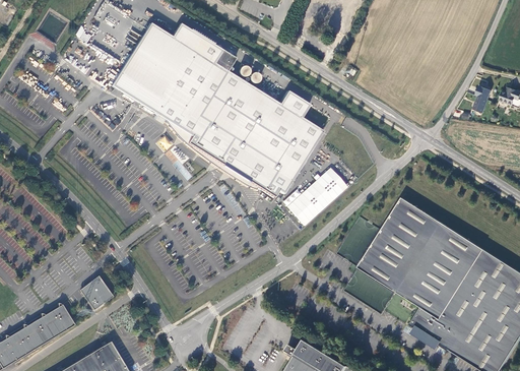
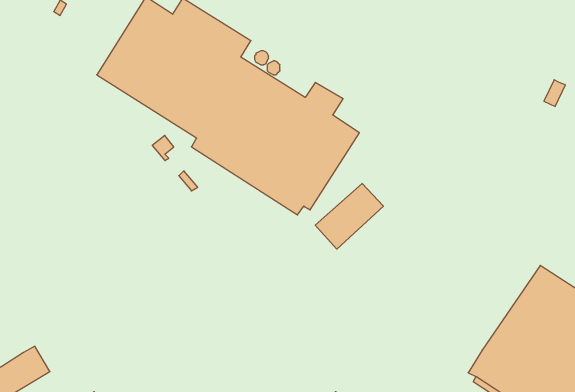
building: [360,197,468,306] -> none
building: [79,274,112,308] -> none

